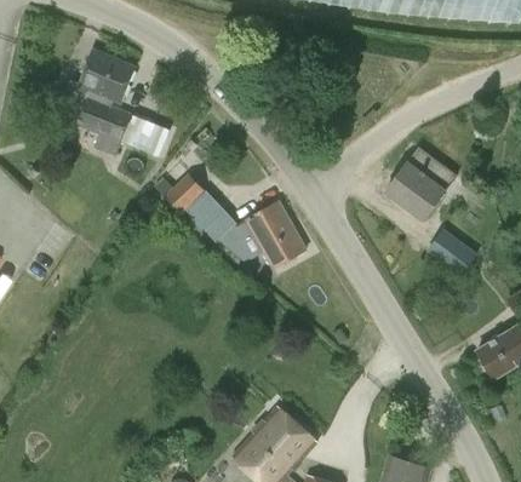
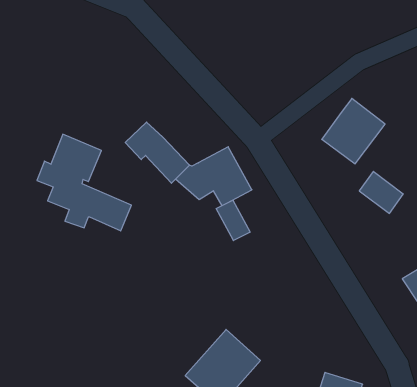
building: [62,50,168,159] -> [37,134,131,231]
building: none -> [216,200,250,241]

